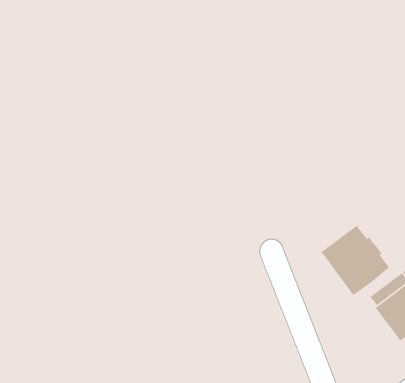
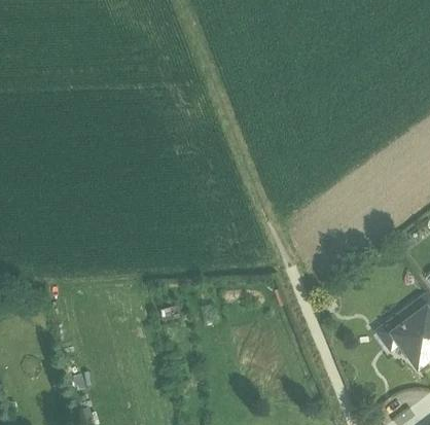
building: [320,225,390,296] -> none

